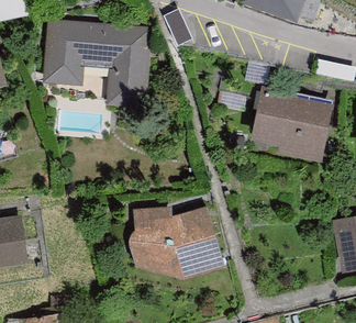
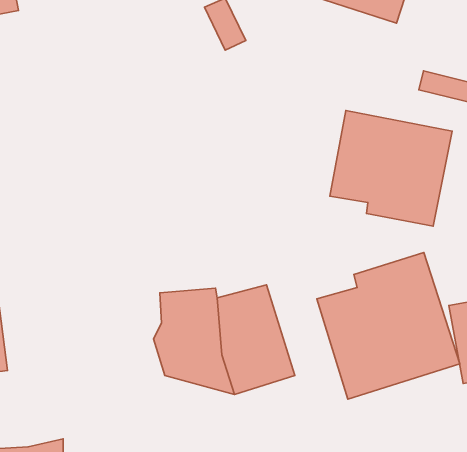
building: [43,19,149,107] -> none
building: none -> [317,253,460,399]

